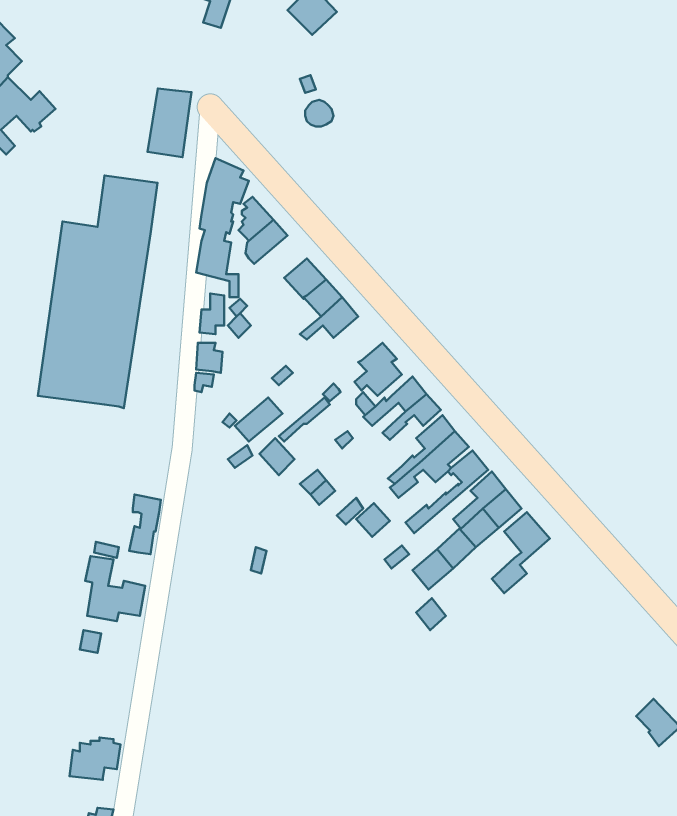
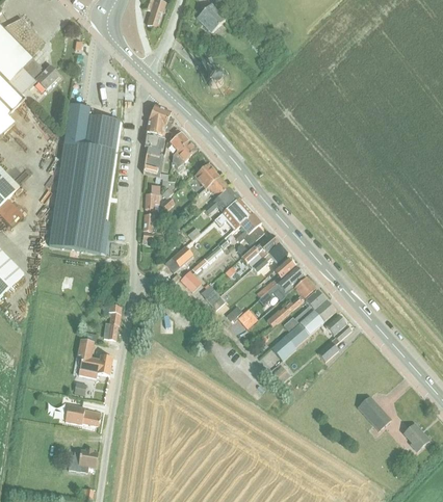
building: [147,89,191,157] -> [63,105,89,146]
building: none -> [213,199,253,231]
building: none -> [358,396,391,430]
building: none -> [64,404,101,425]

